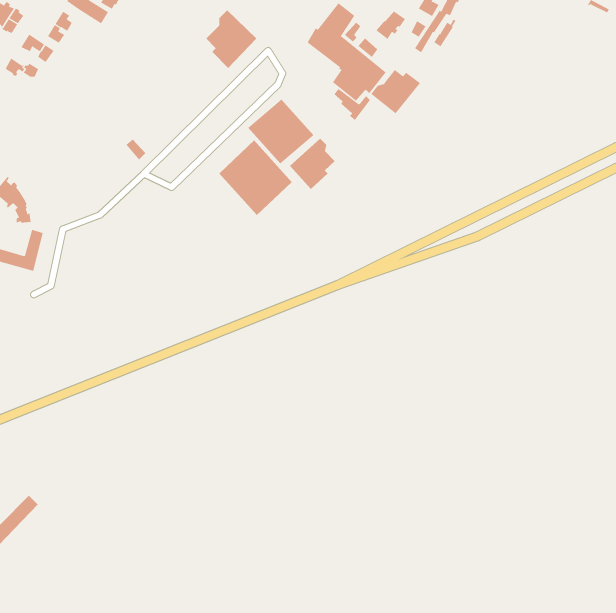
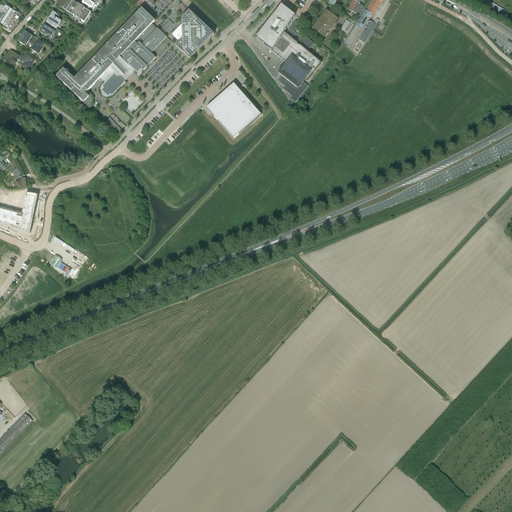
building: none -> [55,6,166,106]
building: [370,69,421,114] -> none
building: [289,138,336,190] -> none
building: [218,139,293,216] -> none

